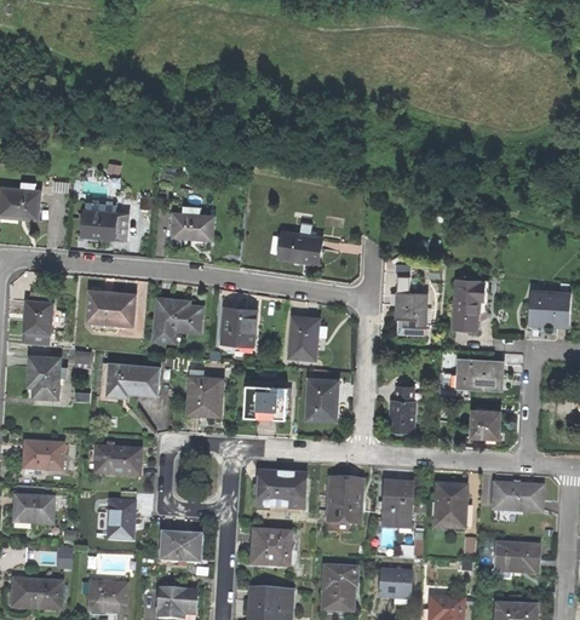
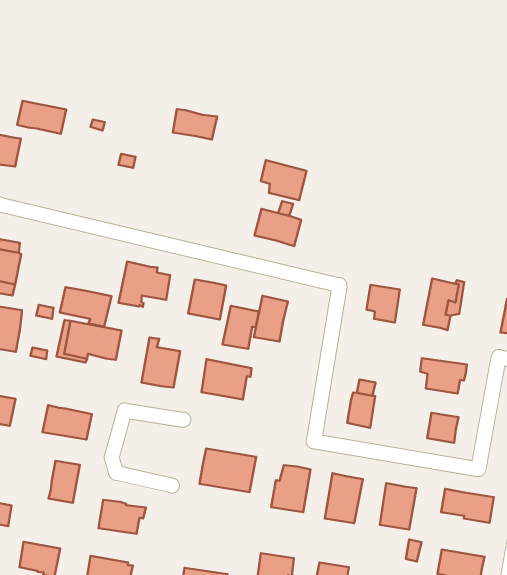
building: none -> [261,160,307,200]
building: [82,211,128,239] -> [17,101,66,134]
building: [173,213,214,239] -> [173,109,217,139]
building: [87,291,136,325] -> [60,287,112,327]
building: [306,379,338,419] -> [223,306,259,349]
building: [249,532,288,566] -> none

